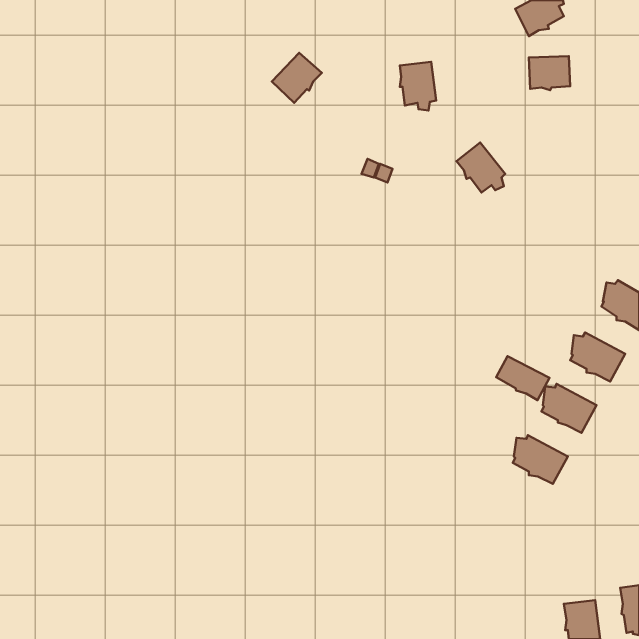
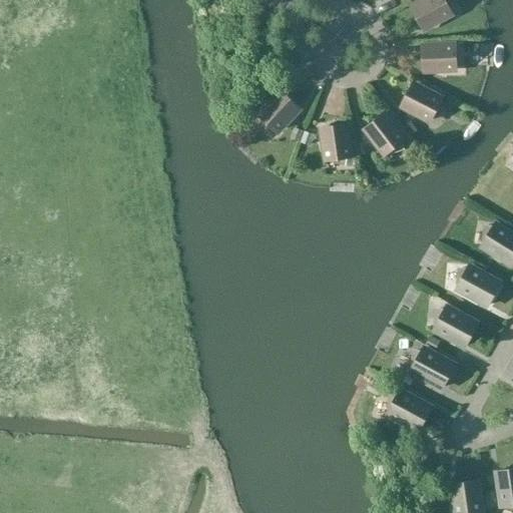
building: [272,53,322,103] -> [260,92,300,132]
building: [400,62,436,110] -> [320,123,349,162]
building: none -> [403,84,442,120]
building: [496,356,549,400] -> none
building: none -> [388,391,432,430]

